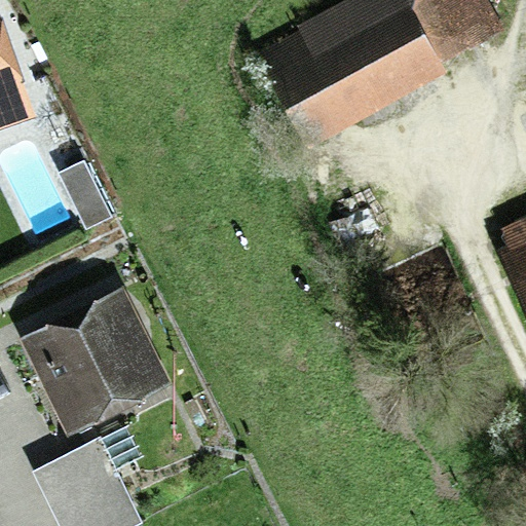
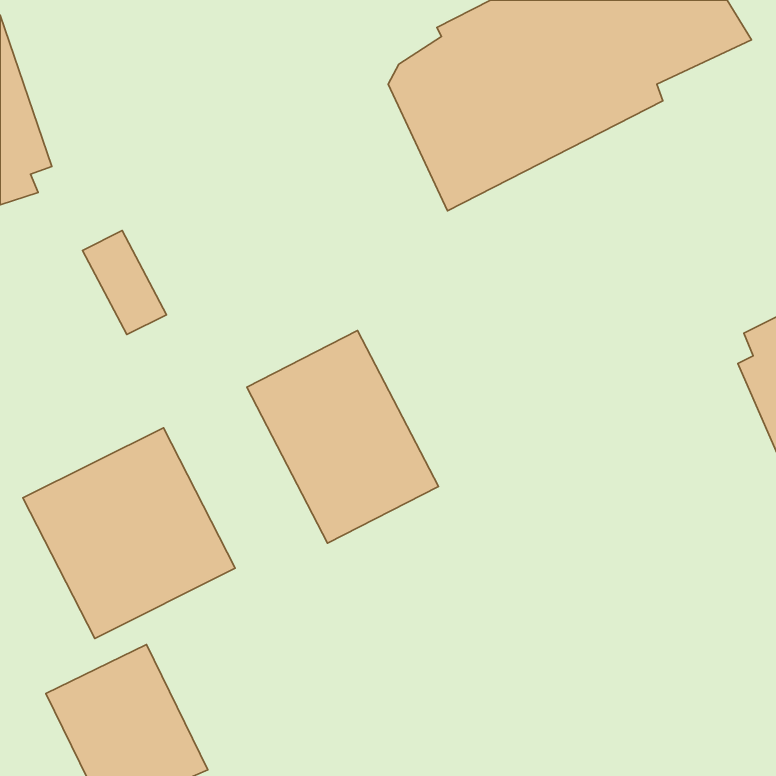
building: none -> [247,330,439,543]

